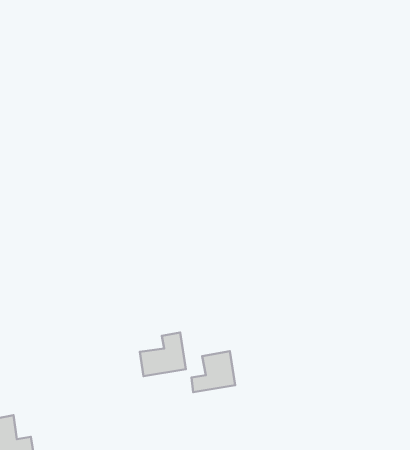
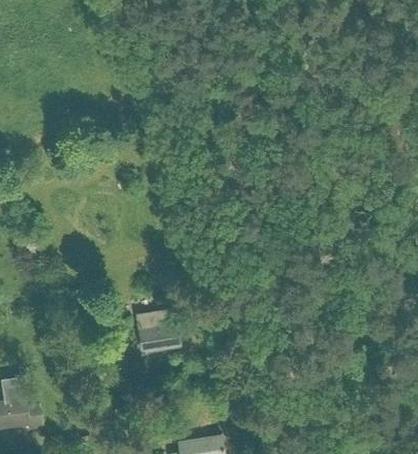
building: [191,351,235,392] -> none

